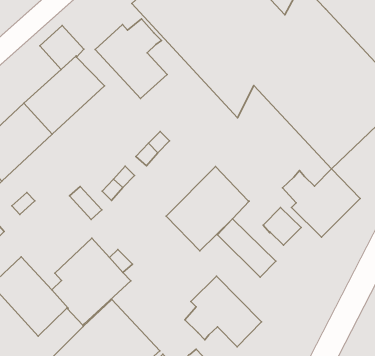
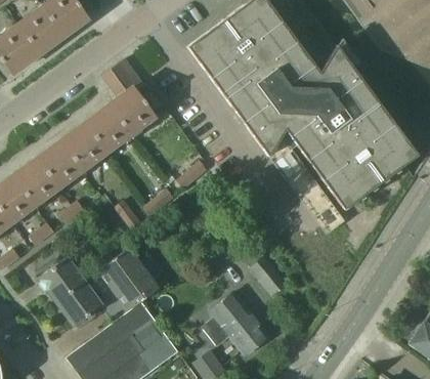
building: [95,19,167,98] -> none
building: [166,167,249,251] -> none
building: [282,169,360,237] -> none
building: [263,207,301,245] -> none

